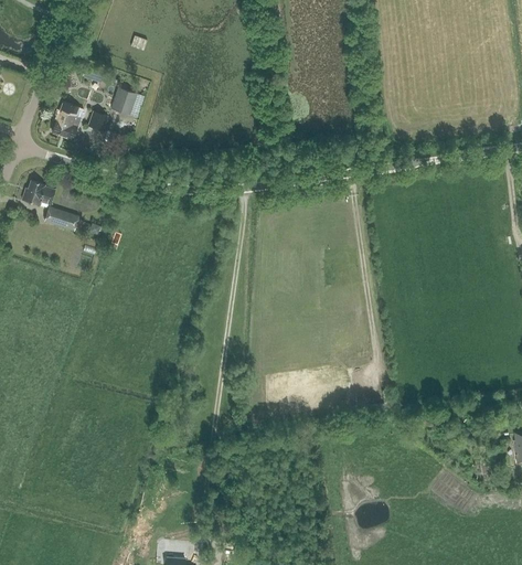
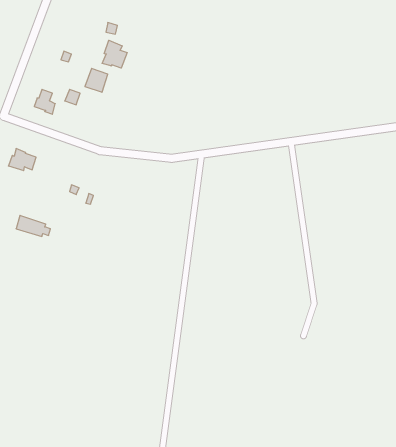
building: none -> [102,40,127,68]
building: [44,206,84,231] -> [16,215,50,236]

